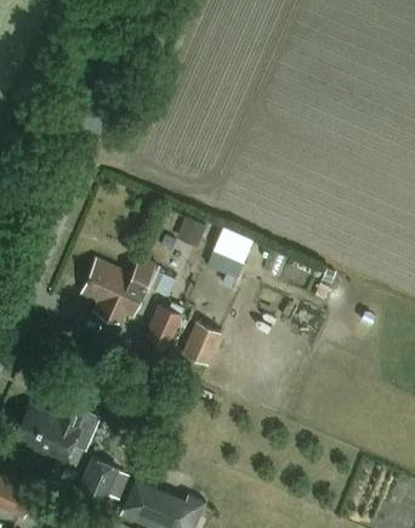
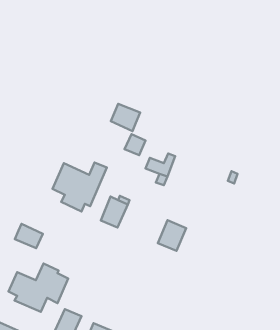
building: none -> [111,104,140,131]
building: [183,322,222,364] -> [158,220,186,251]
building: none -> [15,224,43,248]

